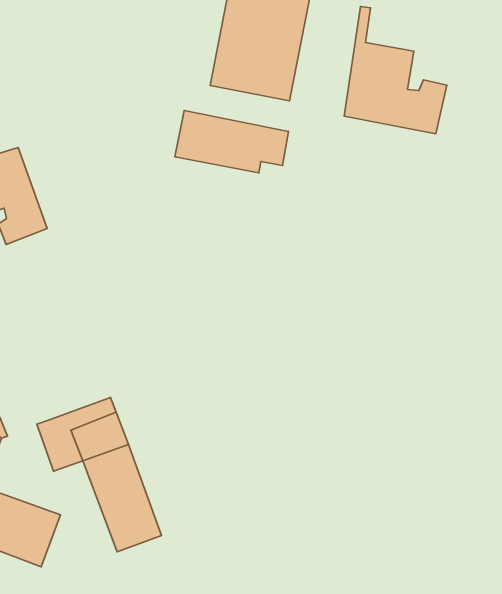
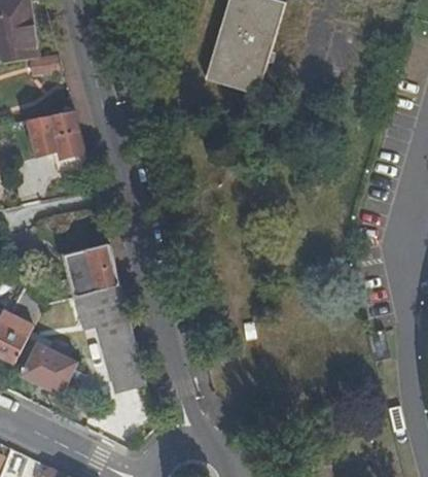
building: [344,7,447,134] -> none
building: [175,110,288,173] -> none
building: none -> [65,244,118,297]

